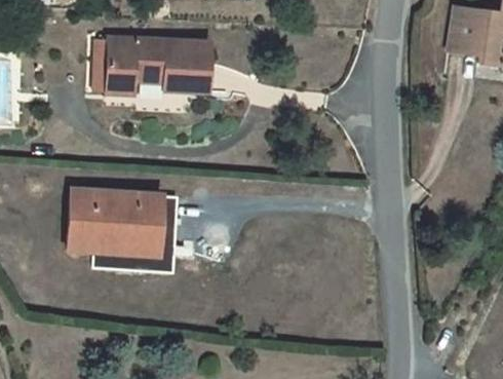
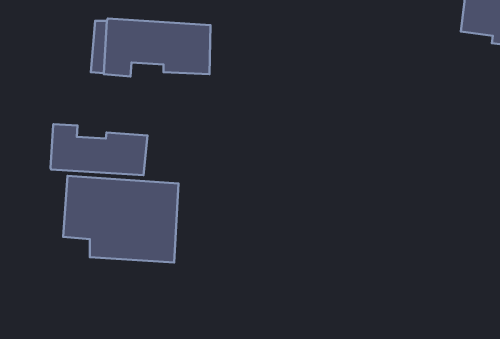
building: none -> [51,124,148,175]

